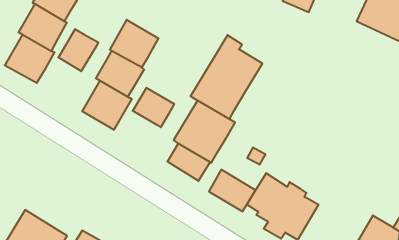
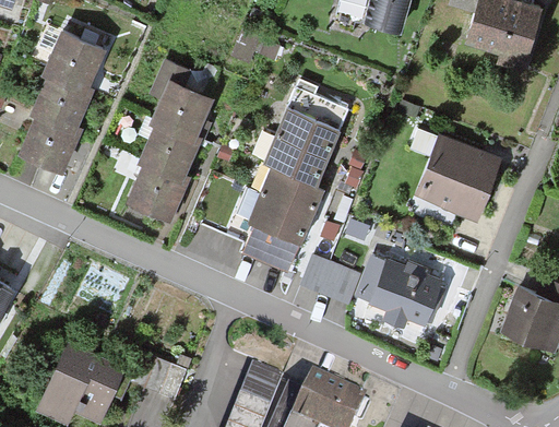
building: [58,29,98,71] -> none
building: [133,88,174,127] -> none
building: none -> [419,133,501,216]

